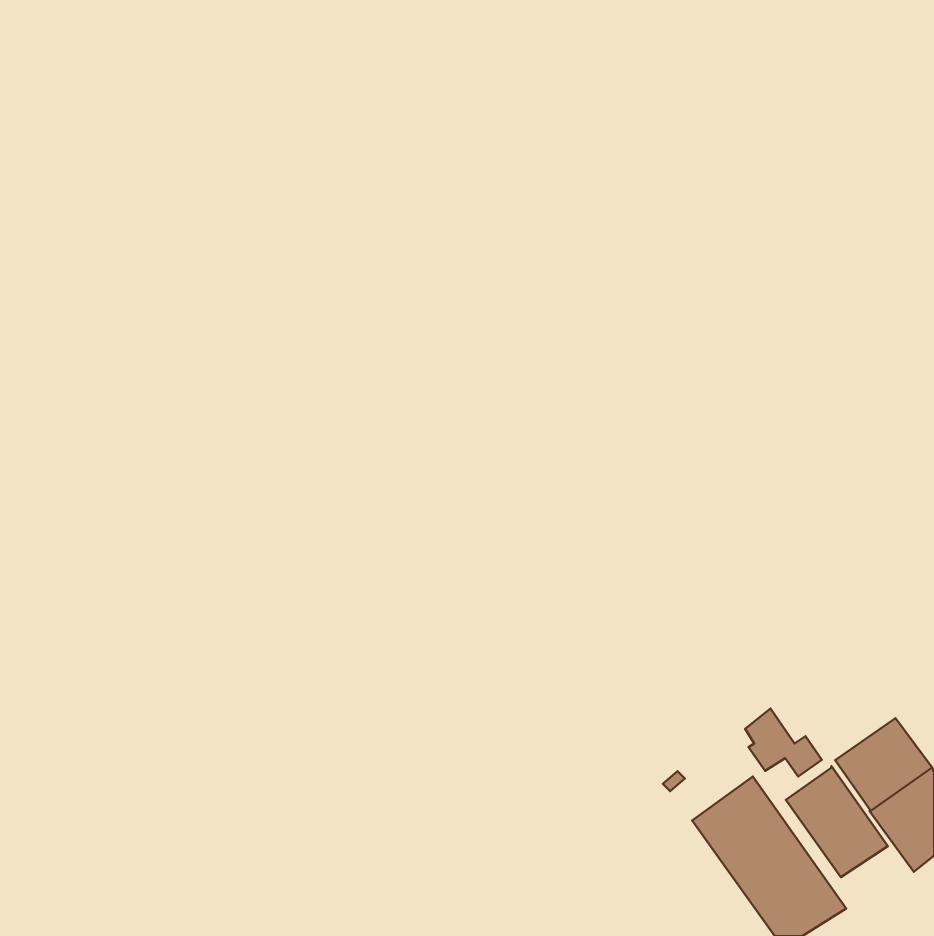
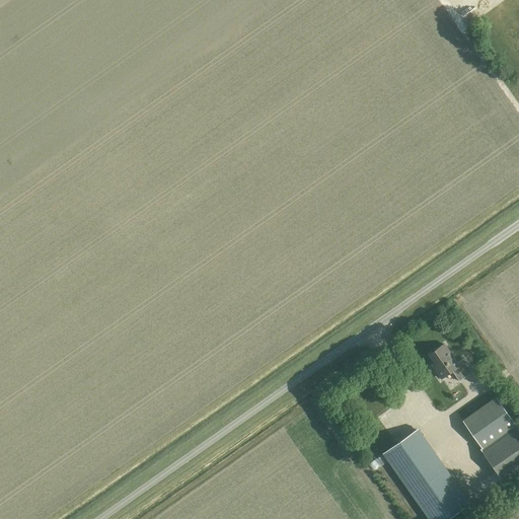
building: [745,709,822,776] -> [429,344,471,381]
building: [786,766,888,877] -> none

